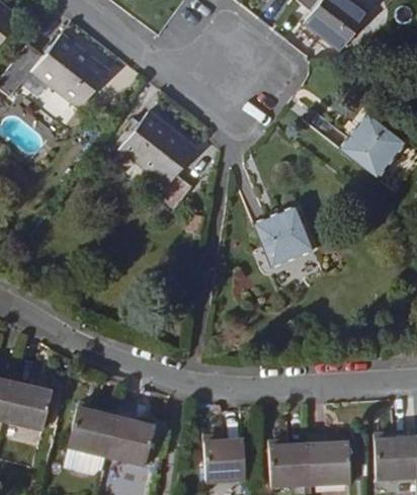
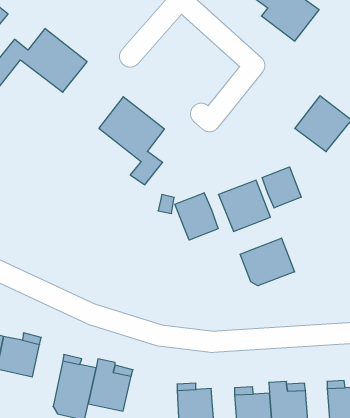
building: none -> [262,167,301,208]
building: none -> [175,193,218,240]
building: none -> [240,238,295,286]

